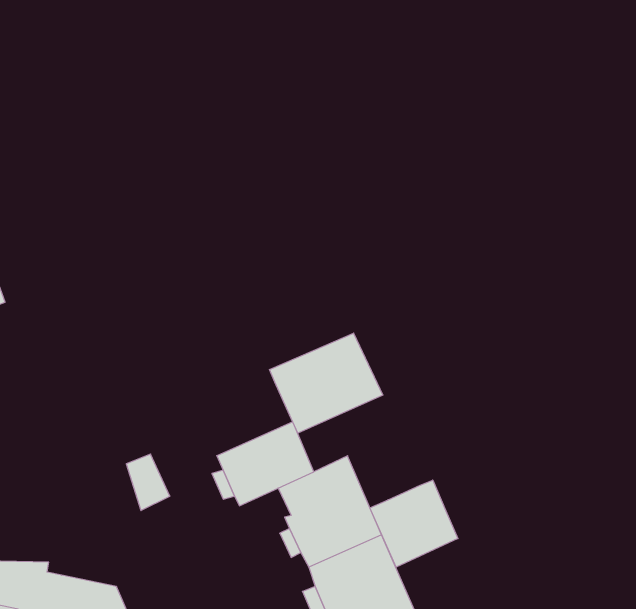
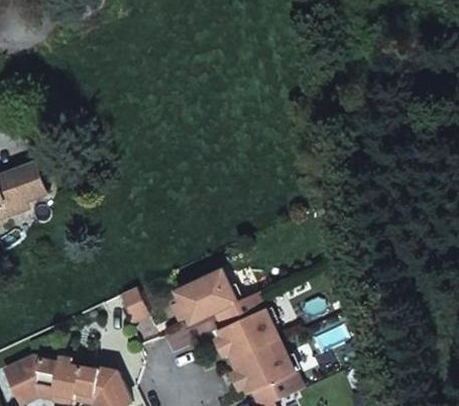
building: [270,333,383,433] -> none
building: [370,480,458,567] -> none

